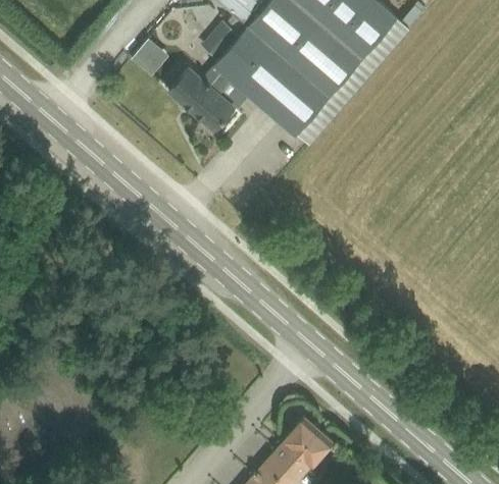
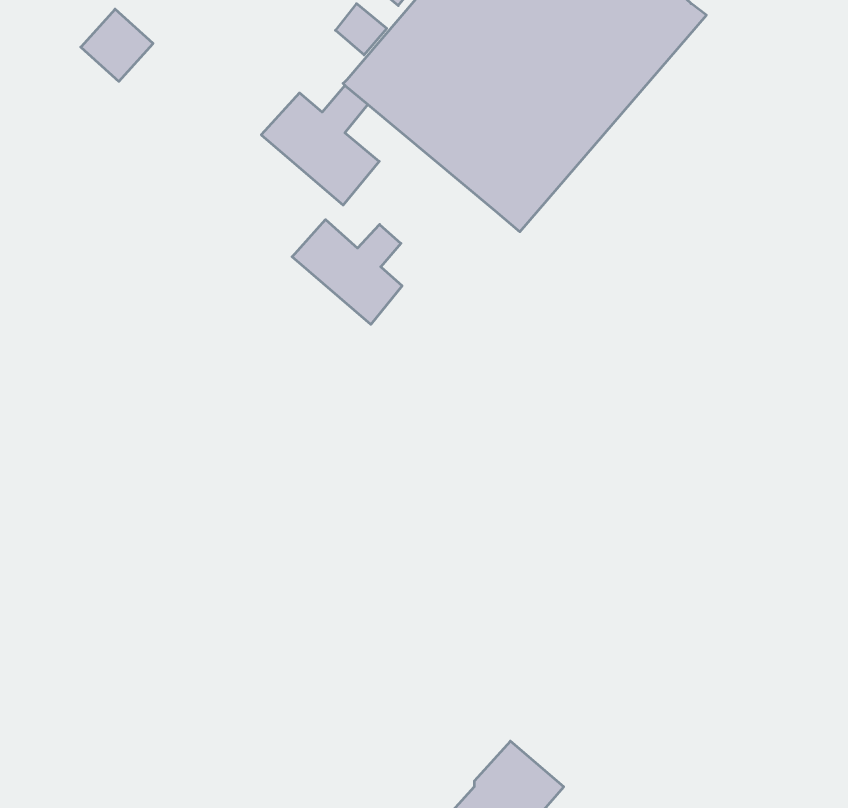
building: [133,36,171,74] -> [81,9,153,81]
building: none -> [292,220,402,324]

